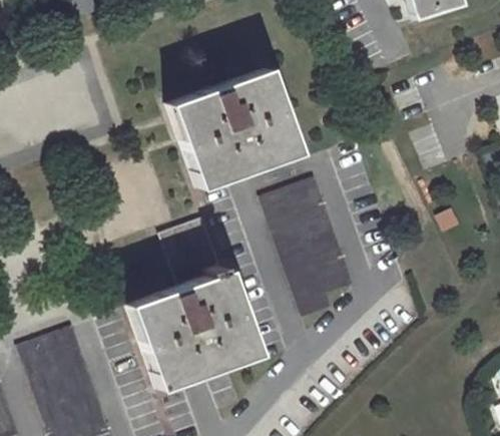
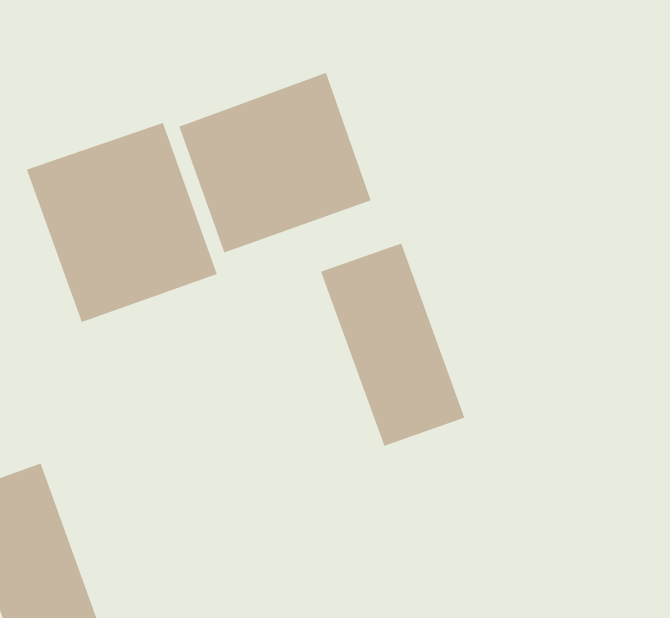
building: none -> [26,122,217,323]
building: [128,223,258,393] -> none

